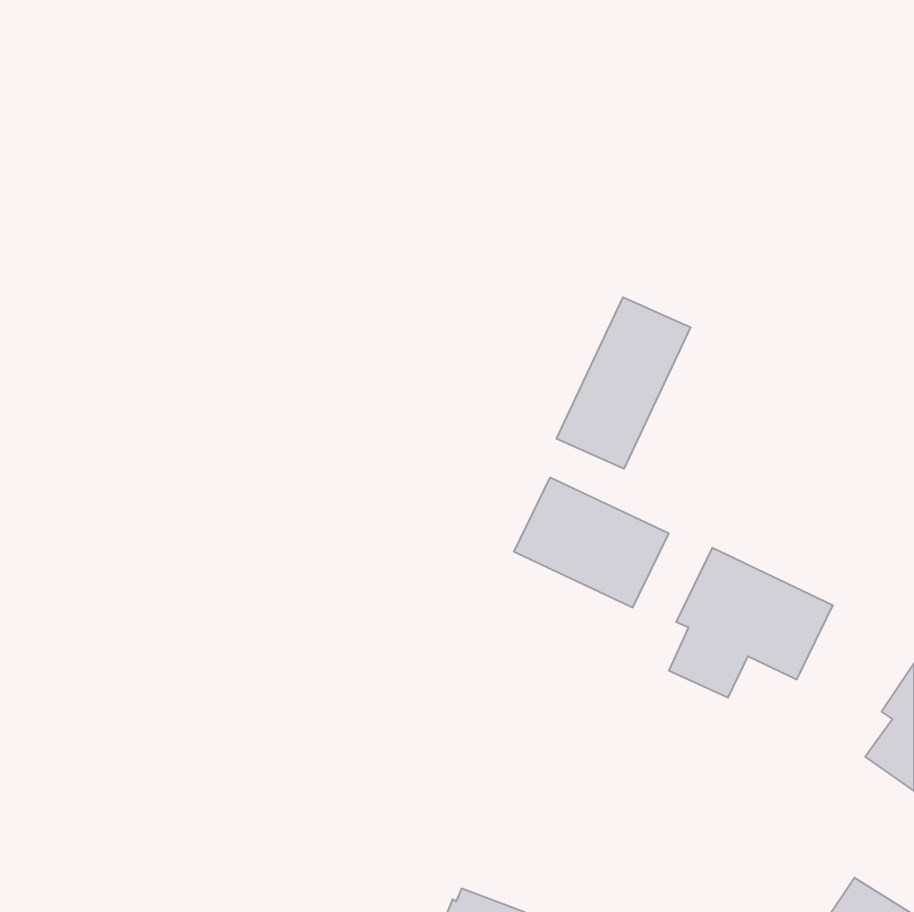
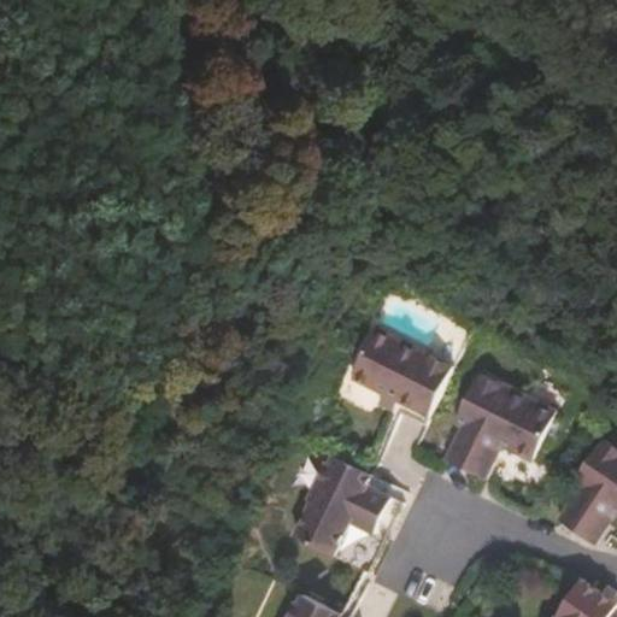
building: [557,297,690,469] -> none
building: none -> [294,459,388,558]

